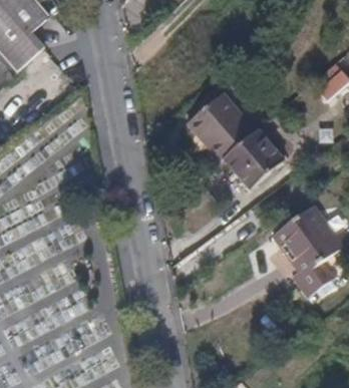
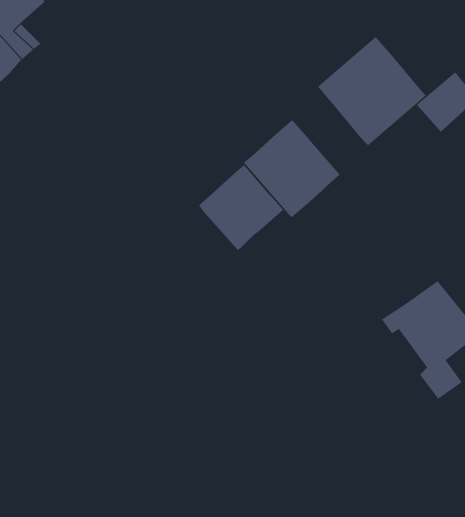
building: none -> [317,36,426,146]
building: [223,130,282,189] -> [198,165,284,250]

